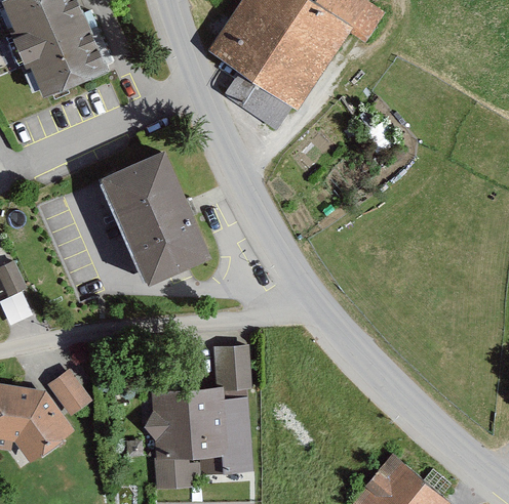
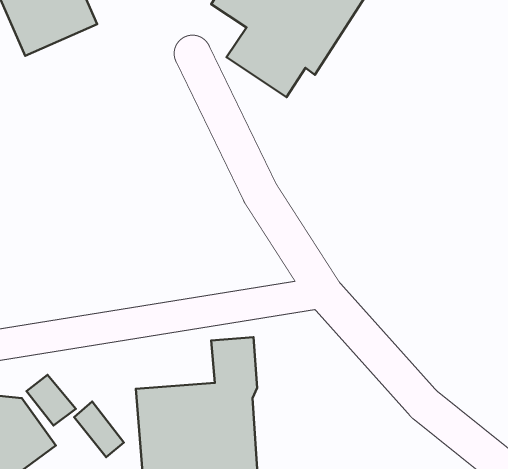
building: [100,145,204,272] -> none
building: none -> [74,401,124,457]

